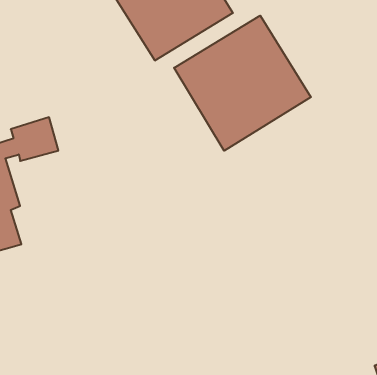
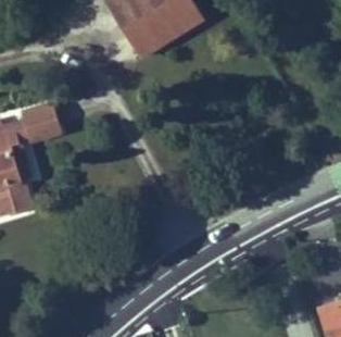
building: [174,16,311,151] -> none

